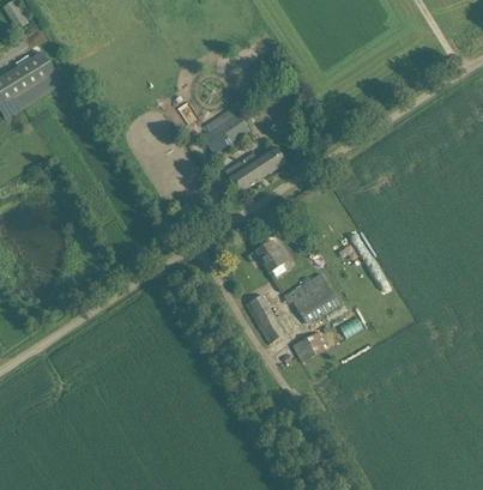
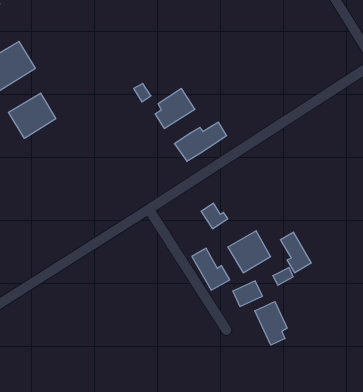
building: none -> [8,93,56,138]
building: none -> [280,232,311,273]
building: none -> [255,302,287,345]

